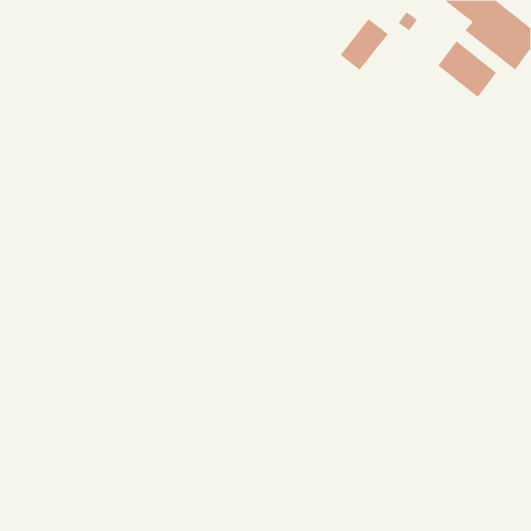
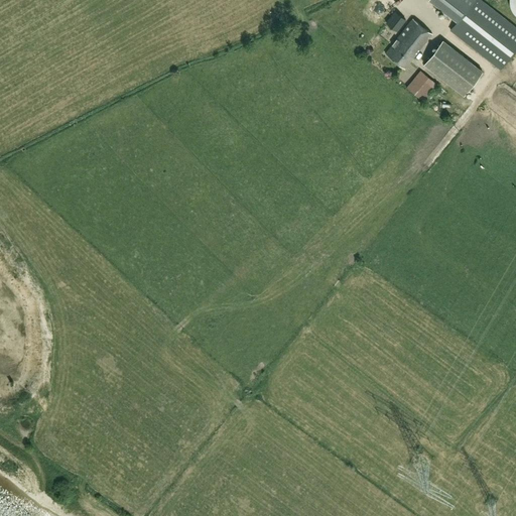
building: [340,18,389,70] -> [385,18,432,69]
building: none -> [406,70,436,100]

